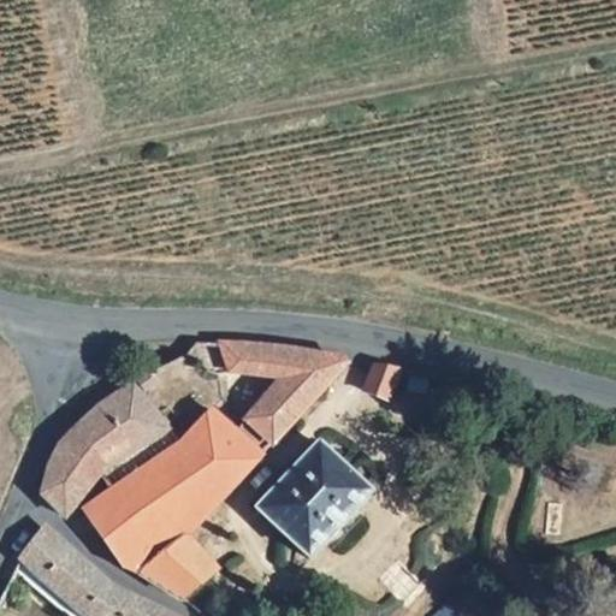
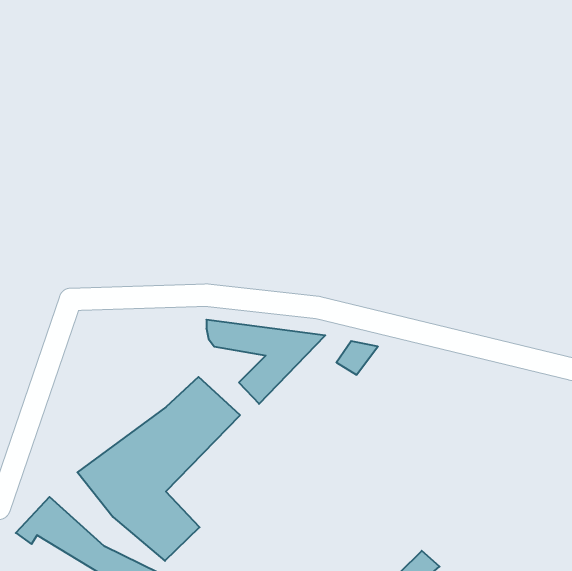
building: [40,380,159,511] -> none
building: [256,442,372,556] -> none

